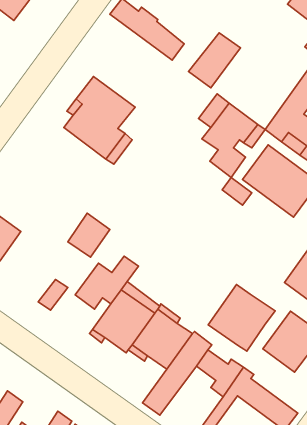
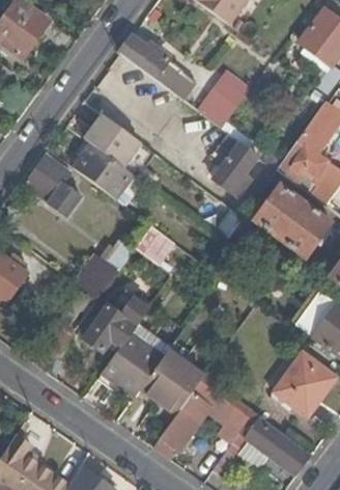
building: none -> [26,153,82,216]
building: none -> [137,225,177,268]
building: [208,285,275,351] -> none

